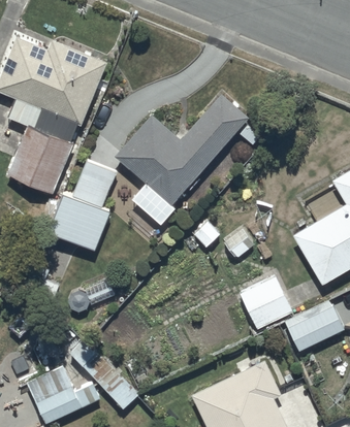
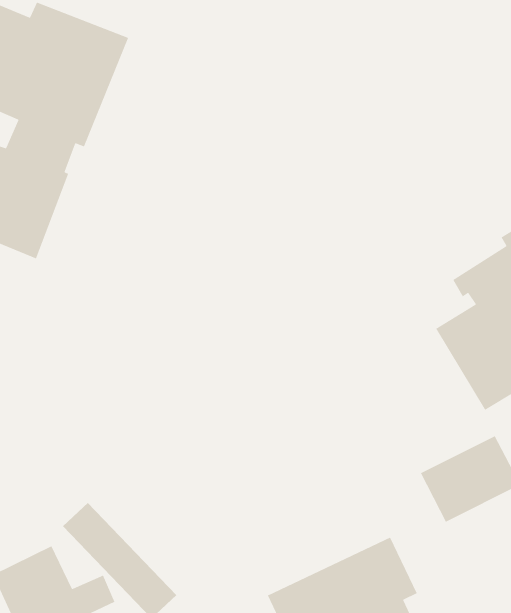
building: [114,93,249,205] -> none
building: [46,160,117,252] -> none
building: [237,274,292,330] -> none

